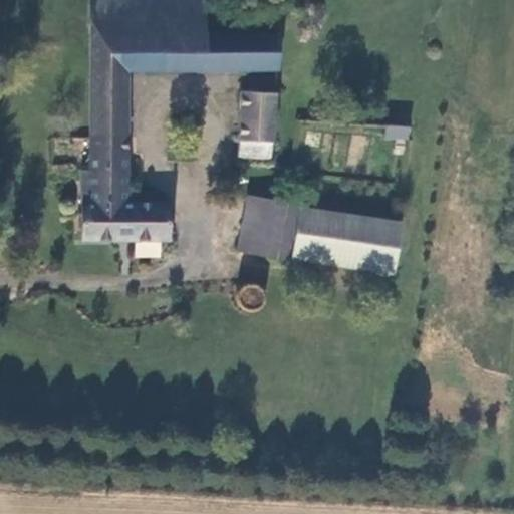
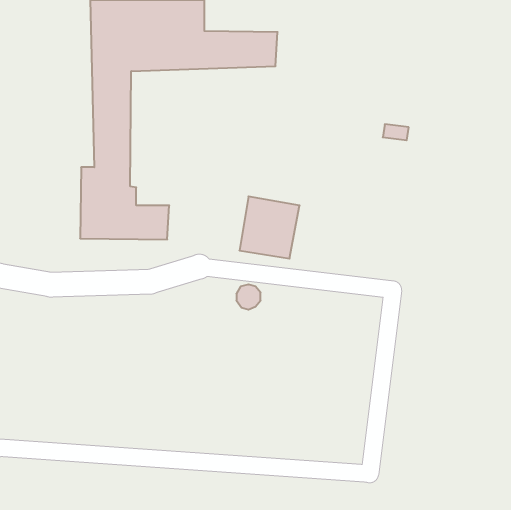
building: [241,90,276,157] -> none
building: [292,208,402,274] -> none

